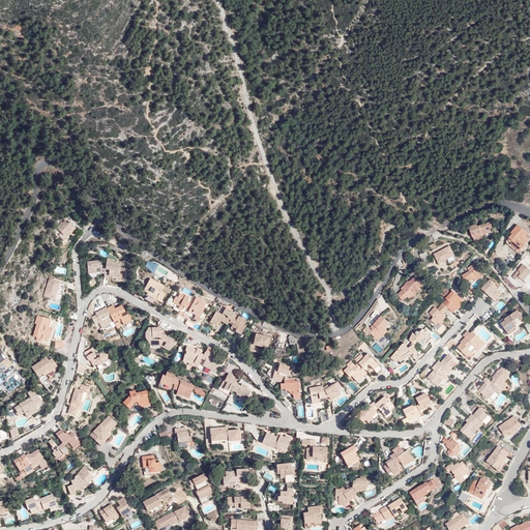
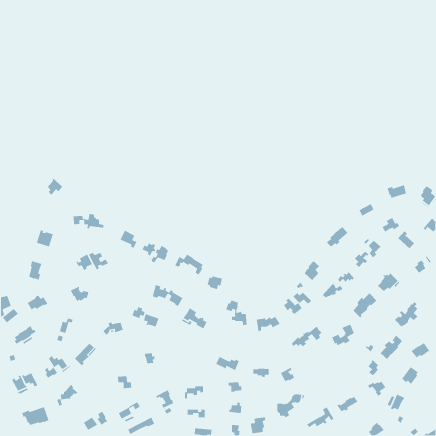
building: [145,328,176,348] -> none
building: [211,425,241,444] -> none
building: [383,445,413,474] -> none

